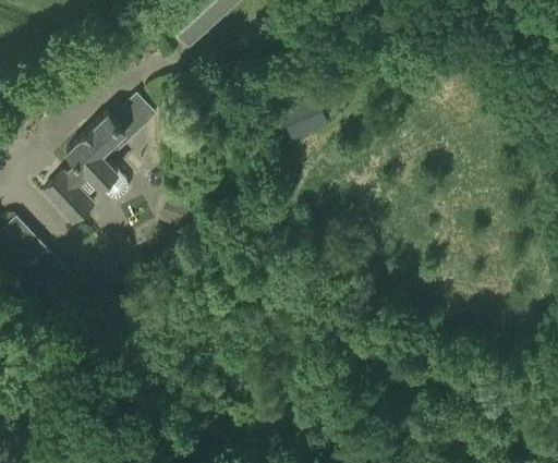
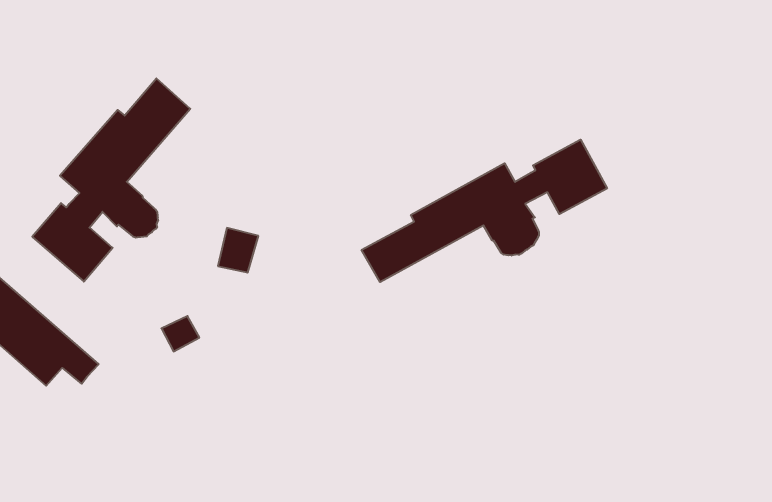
building: [278,96,327,139] -> none
building: none -> [362,140,607,282]

